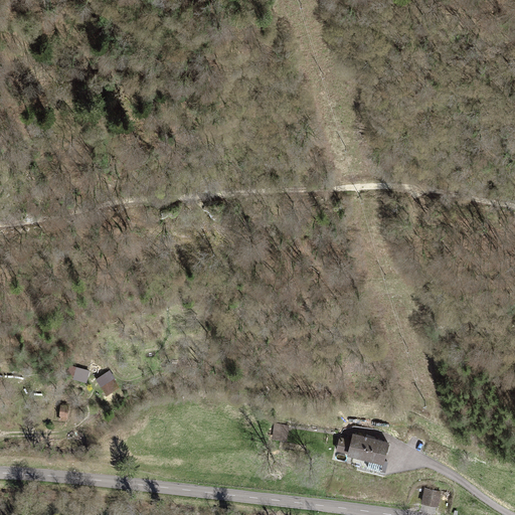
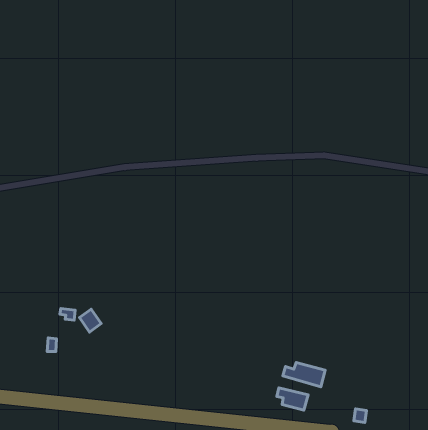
building: none -> [277,388,308,410]

